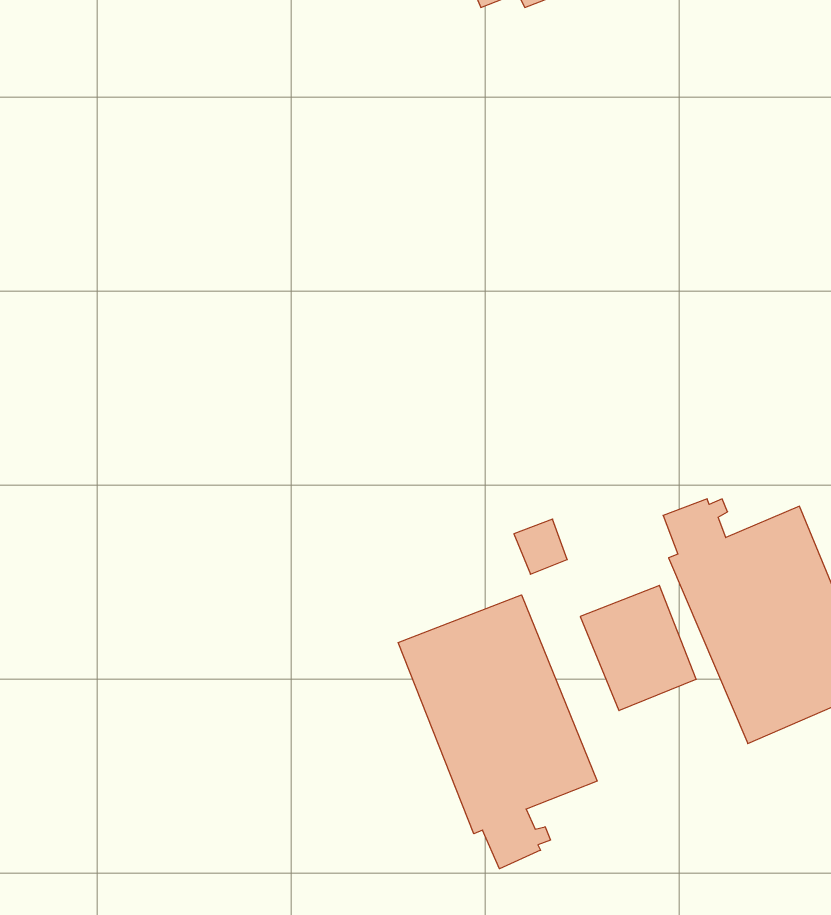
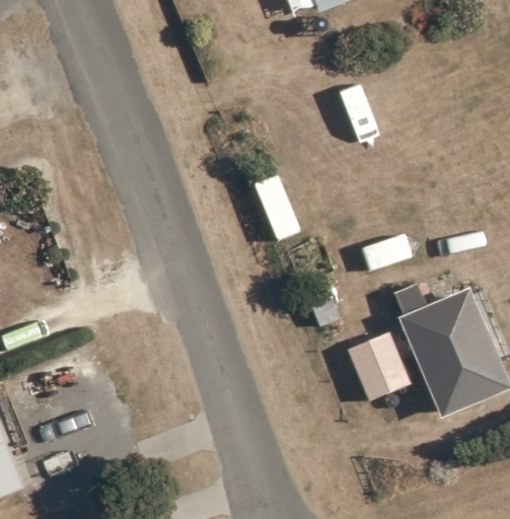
building: [398,595,597,869] -> none

